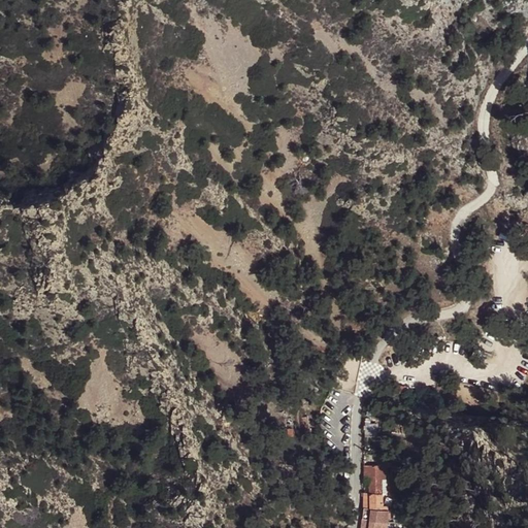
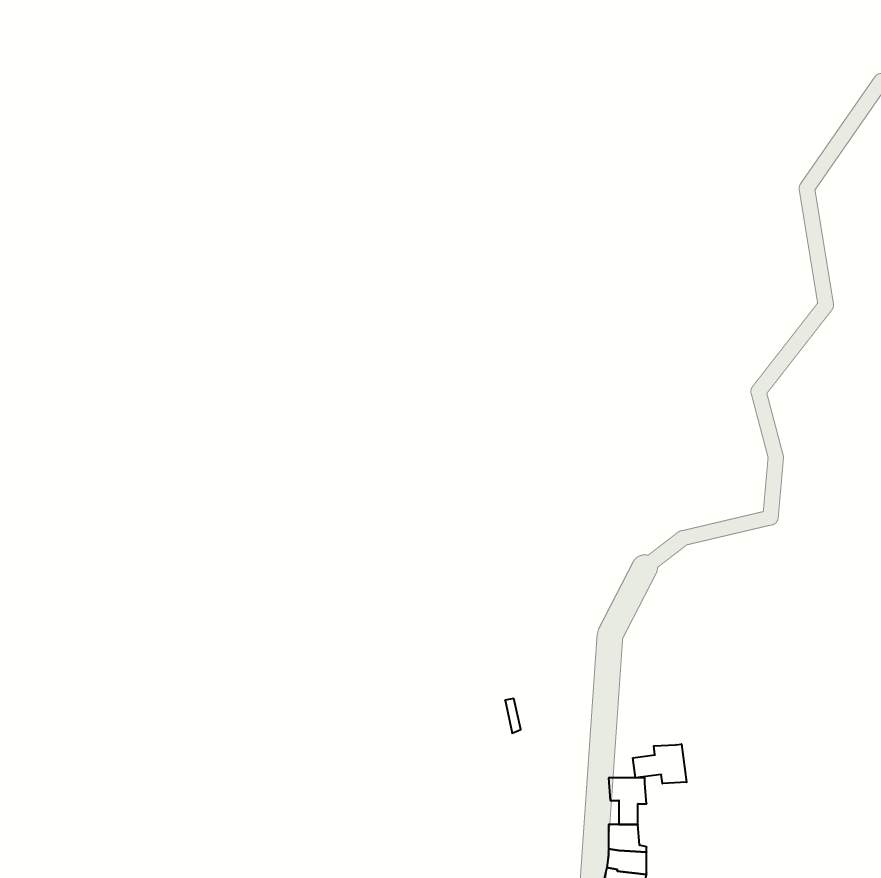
building: none -> [633,744,687,784]

